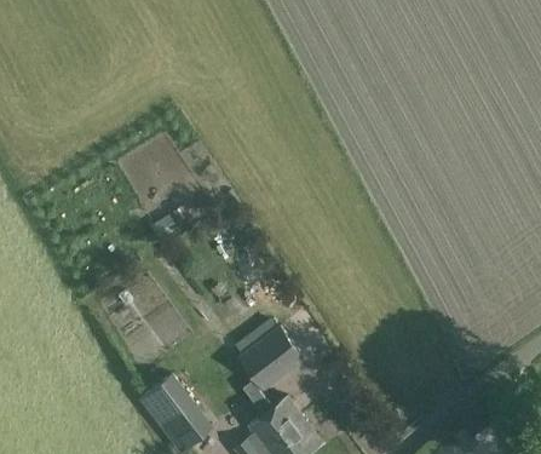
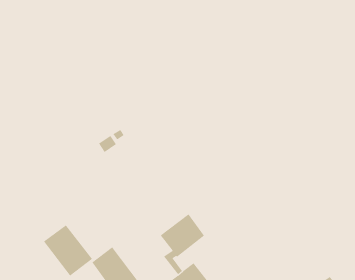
building: none -> [43,224,93,277]

